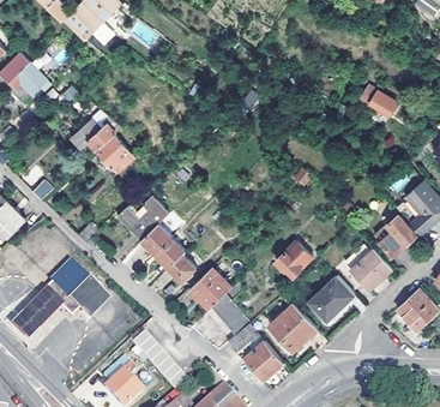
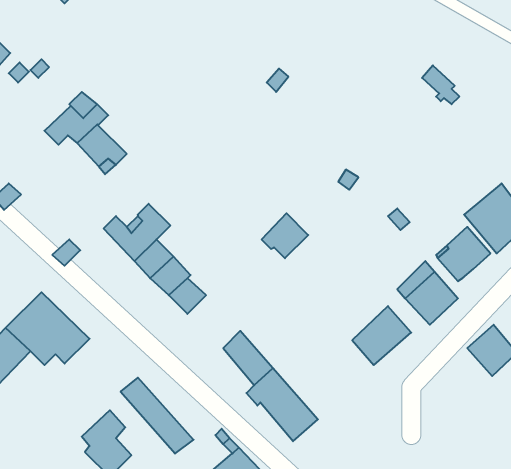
building: [276,240,312,275] -> [262,213,308,258]
building: [189,267,230,309] -> none
building: [270,304,317,351] -> none

